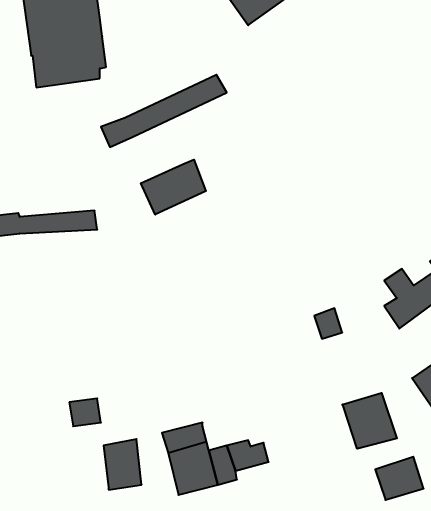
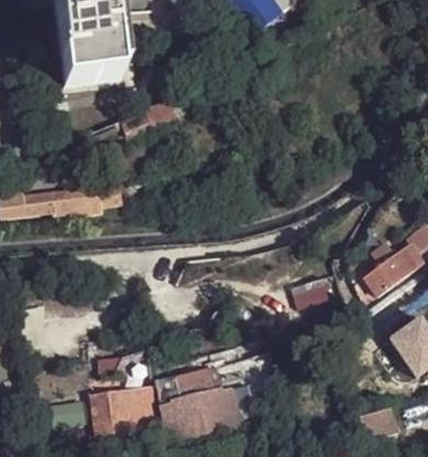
building: [141,160,206,215] -> none
building: [342,393,397,449] -> none
building: none -> [157,383,188,442]
building: none -> [90,394,129,434]

